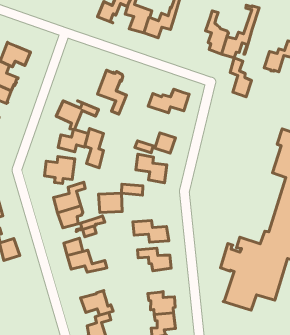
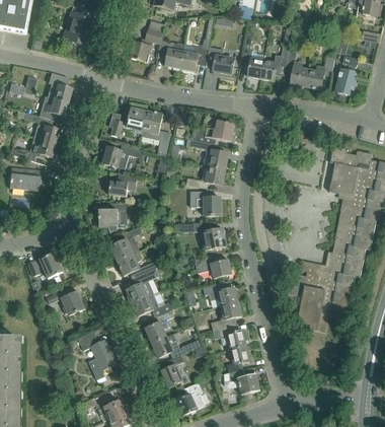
building: none -> [206,47,235,74]
building: none -> [47,73,72,102]
building: [230,58,251,97] -> [287,50,309,87]
building: none -> [110,108,148,137]
building: none -> [194,141,229,169]
building: [85,129,104,168] -> none
building: [98,193,122,213] -> [200,228,226,251]
building: none -> [211,301,242,331]
building: none -> [146,310,174,343]
building: none -> [78,330,118,380]

